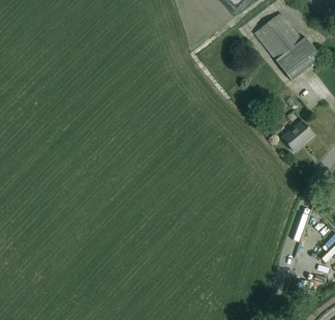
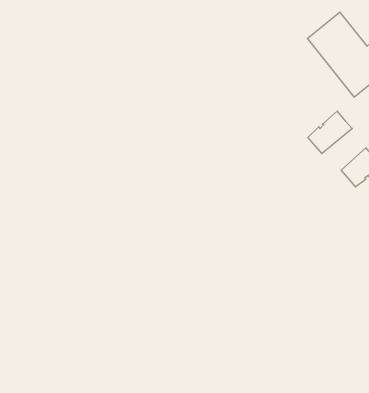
building: none -> [308,111,352,154]

